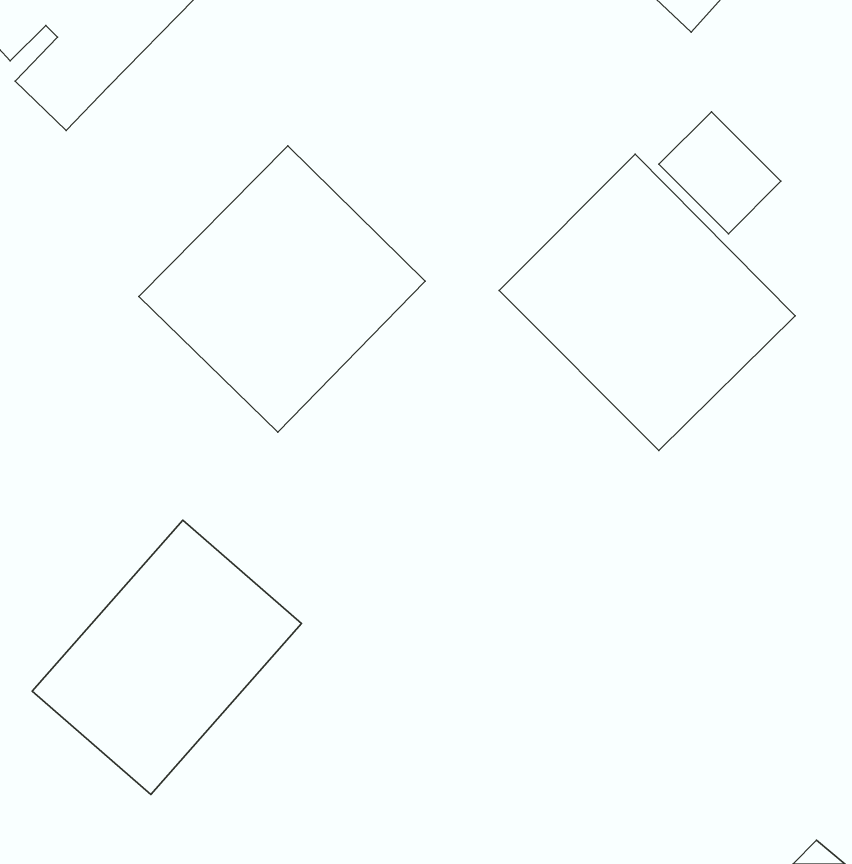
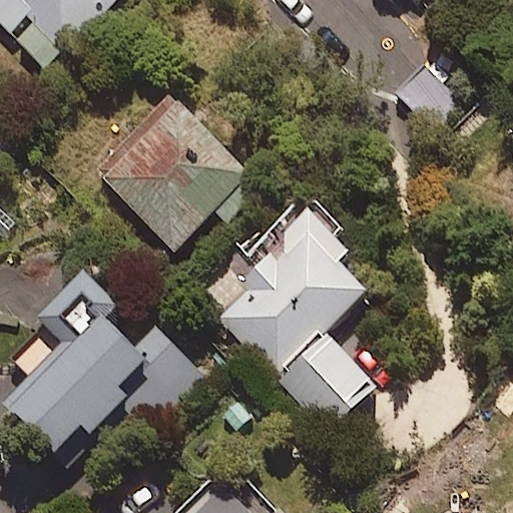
building: [499,154,795,450] -> none
building: none -> [192,198,381,418]

